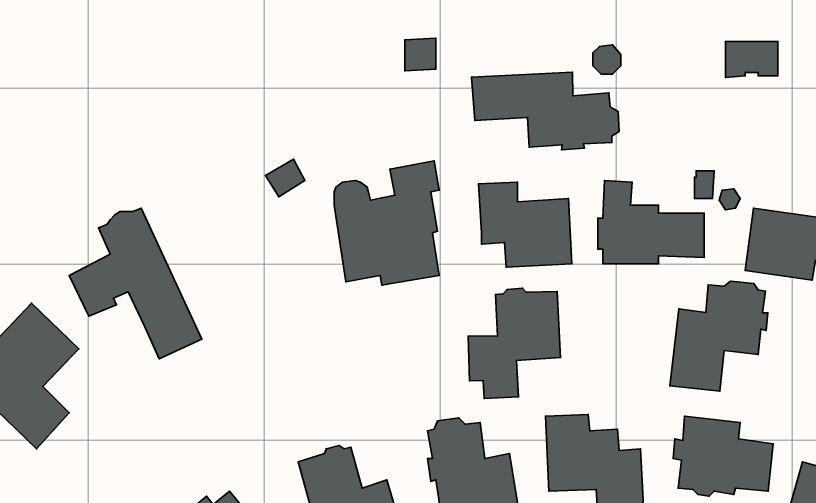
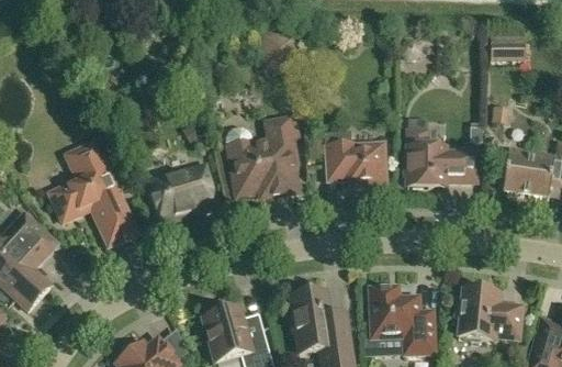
building: [472,72,619,150] -> none
building: none -> [147,165,218,223]
building: [670,281,768,391] -> none
building: [468,288,561,398] -> none

